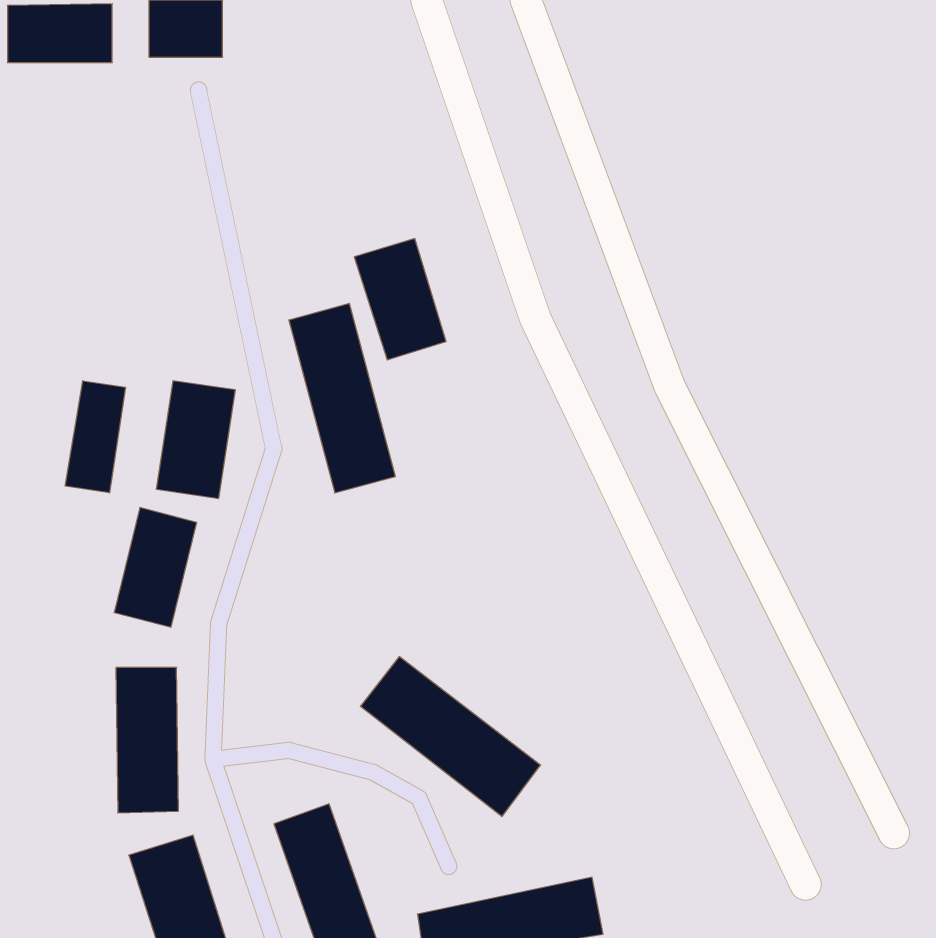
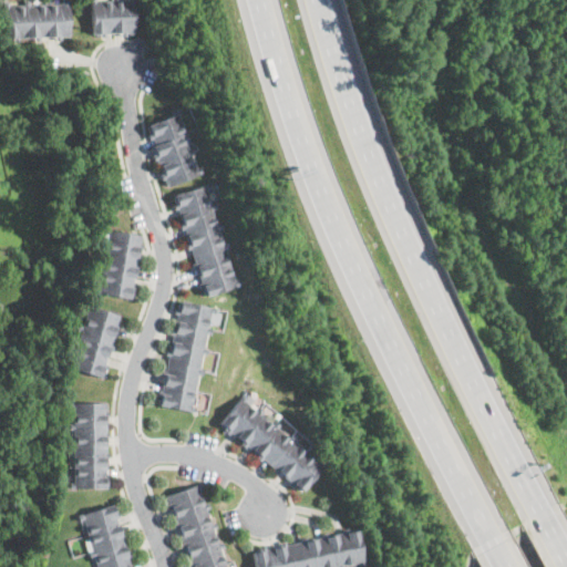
building: [354,239,446,360] -> [146,113,202,186]
building: [65,381,126,493] -> none
building: none -> [162,301,213,413]

